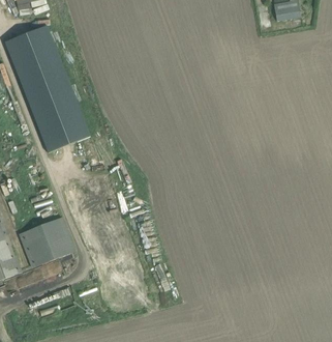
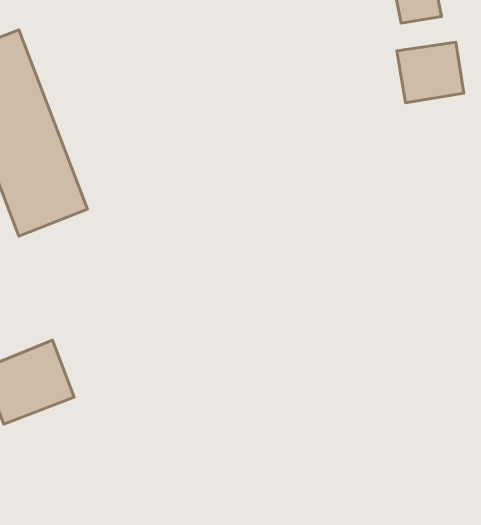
building: none -> [397,42,464,103]

